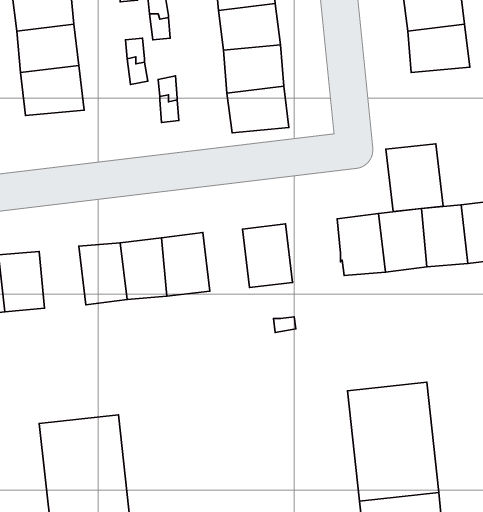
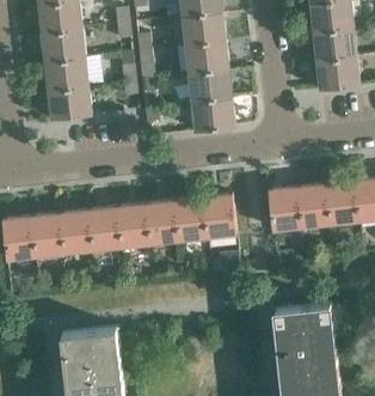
building: [386,144,443,212] -> none
building: none -> [173,199,205,242]
building: none -> [60,211,92,254]

